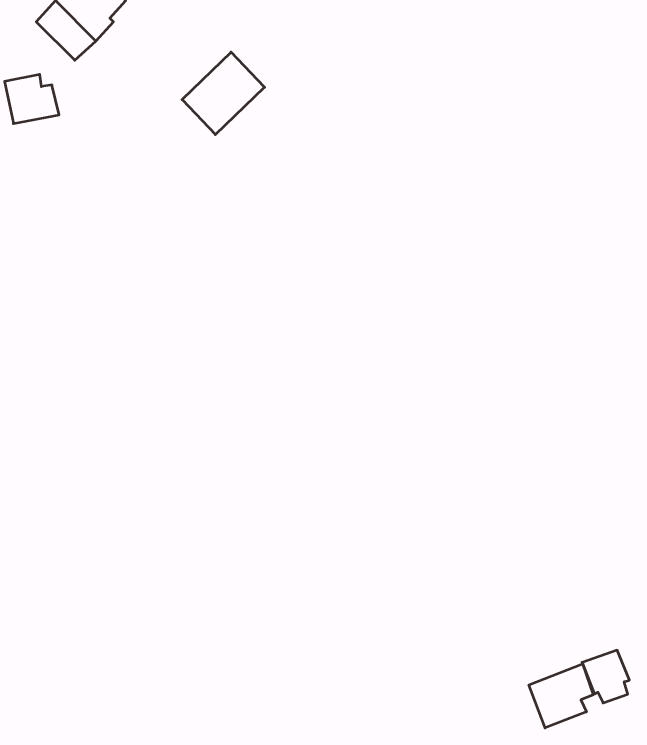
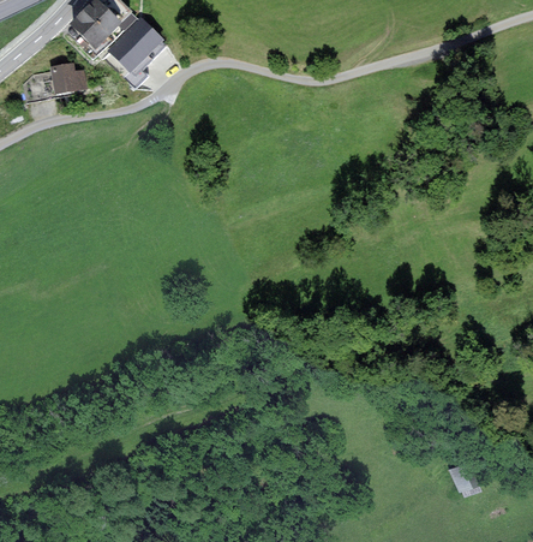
building: [182,52,265,135] -> [108,17,164,73]
building: [529,664,593,728] -> none

